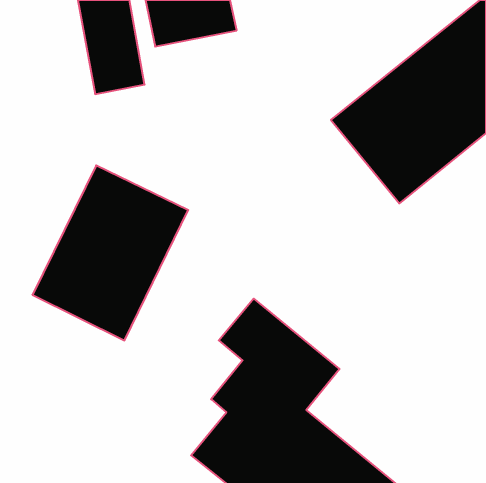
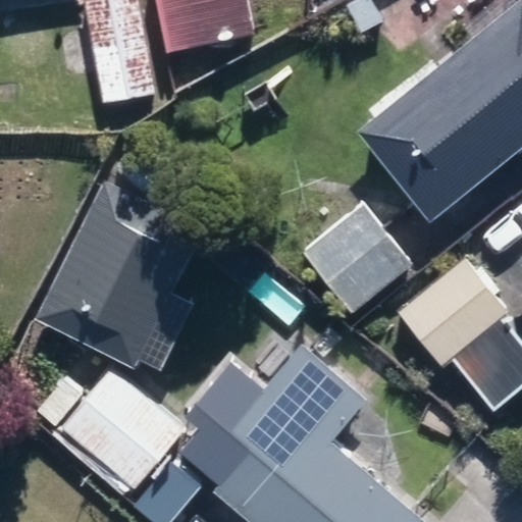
building: none -> [302,205,413,313]
building: none -> [398,259,508,367]
building: none -> [62,369,185,489]

